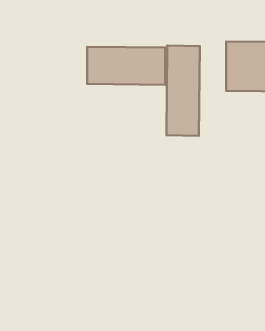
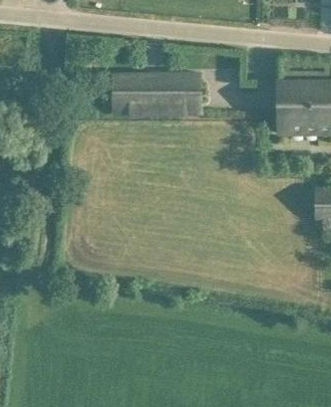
building: [166,46,200,136] -> none

